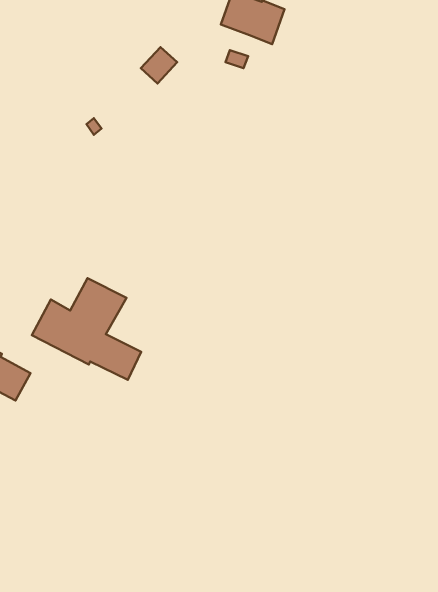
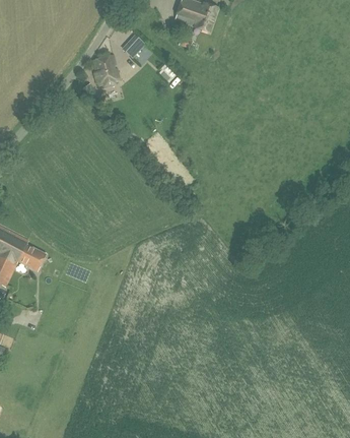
building: none -> [91,55,119,86]
building: [32,278,141,380] -> none

